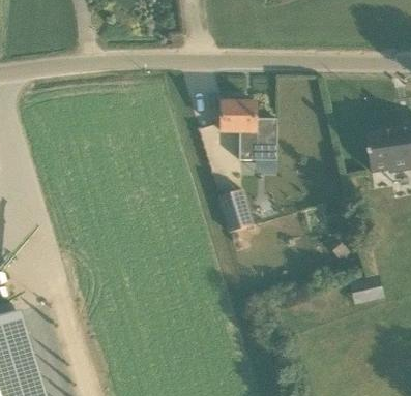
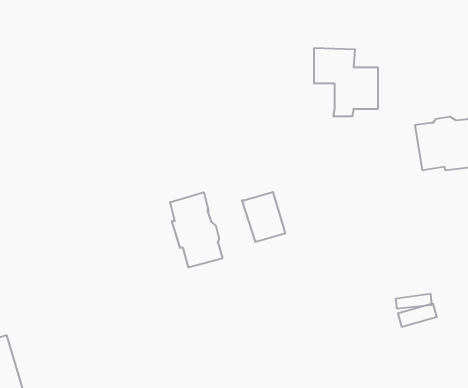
building: [223,101,277,159] -> [314,48,378,116]
building: none -> [170,192,222,267]

